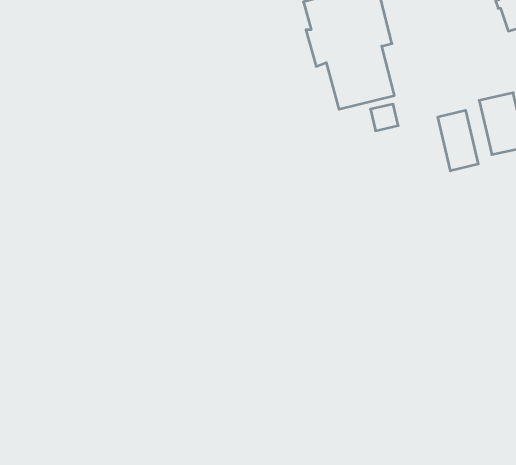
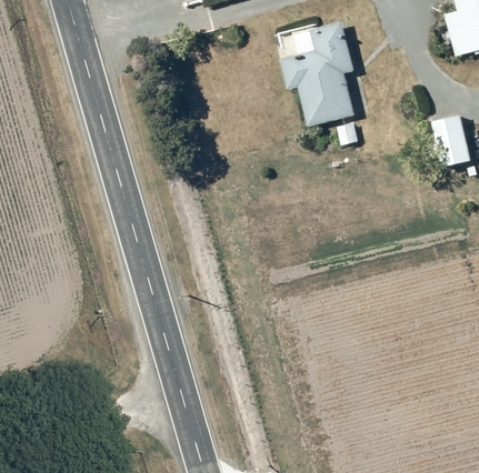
building: [438,110,478,171] -> none

